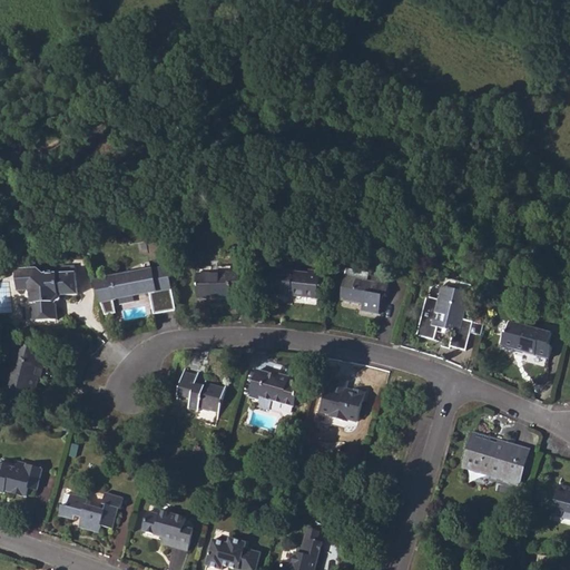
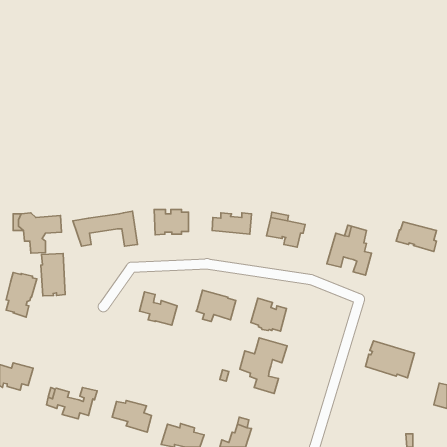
building: [498,320,549,357] -> [396,222,436,252]
building: none -> [41,253,65,296]
building: none -> [240,338,287,393]

